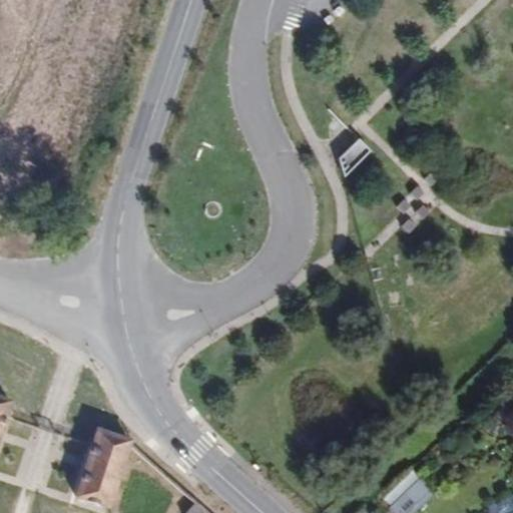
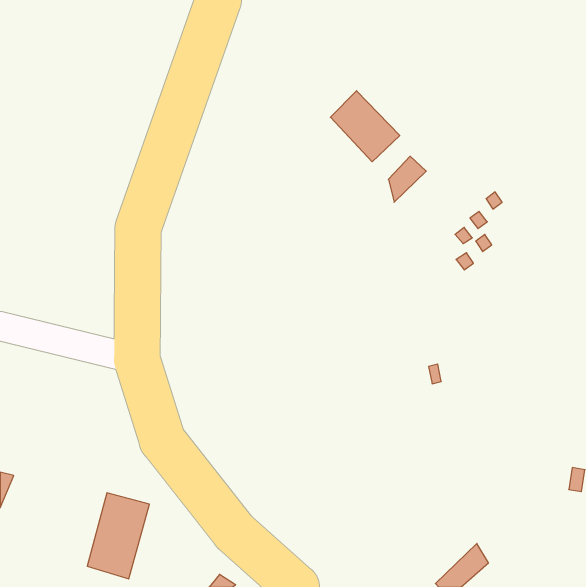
building: none -> [330,91,400,162]

